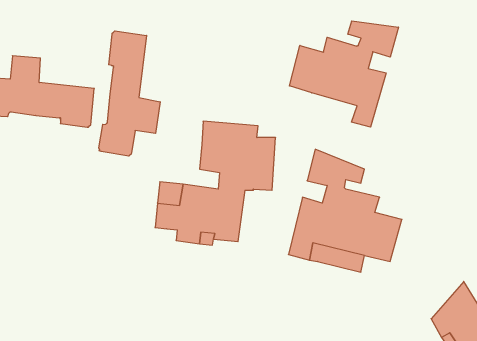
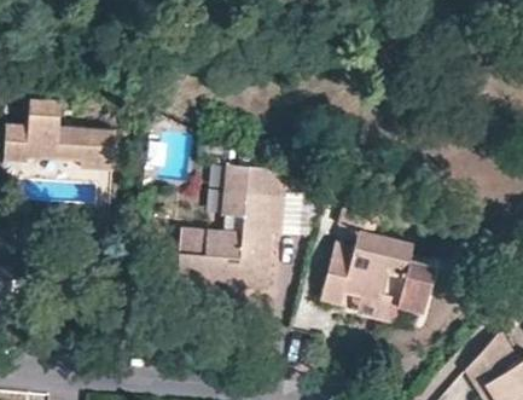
building: [289,21,398,127] -> none
building: [99,31,160,156] -> none

